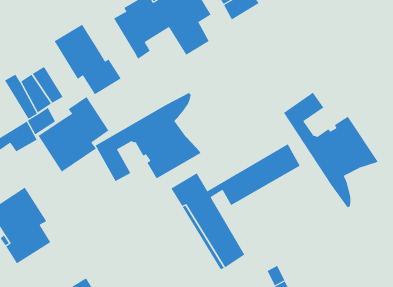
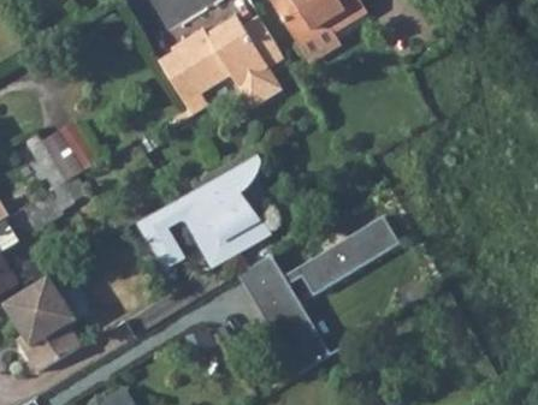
building: [54,24,121,95] -> none
building: [283,92,378,208] -> none
building: [38,96,109,172] -> none

